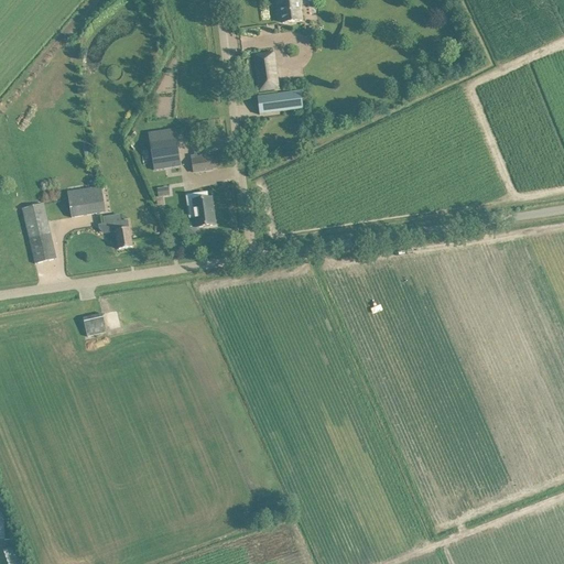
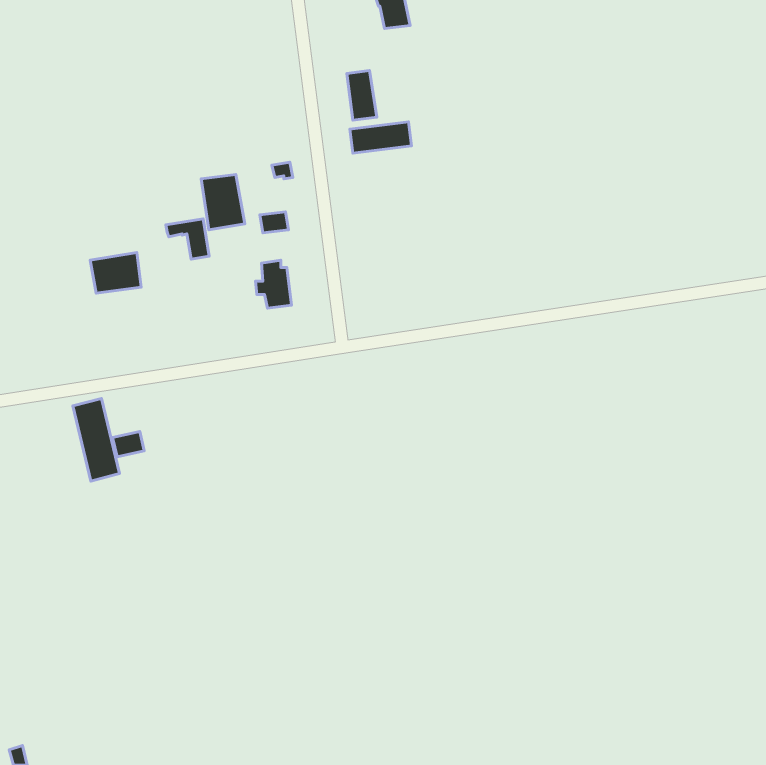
building: [21,202,55,262] -> [73,398,120,481]
building: [99,218,131,248] -> [166,219,209,259]

